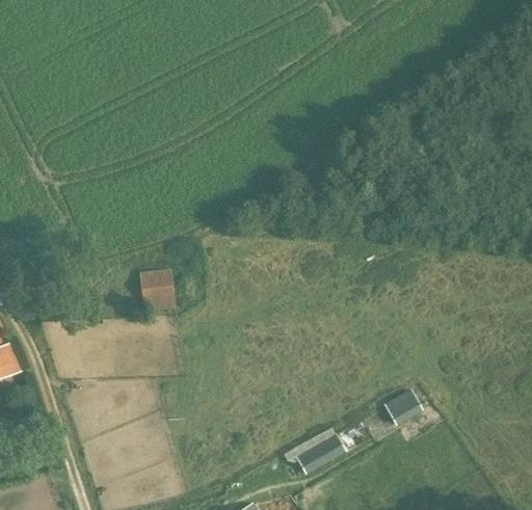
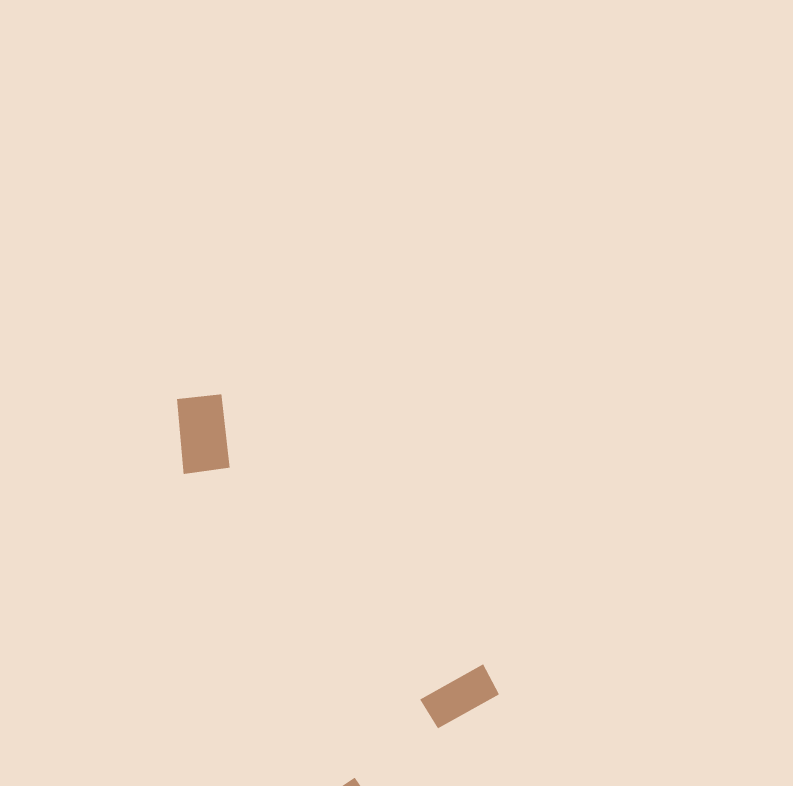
building: [384,390,422,424] -> none

